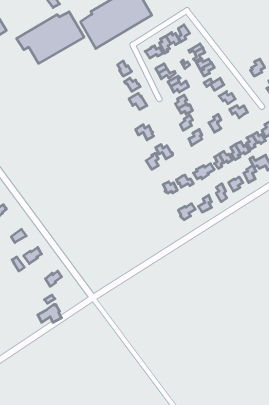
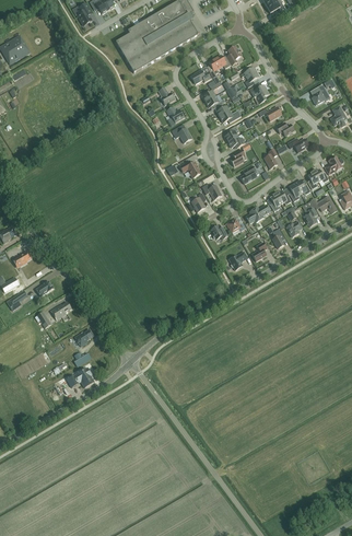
building: [17,12,84,63] -> none

